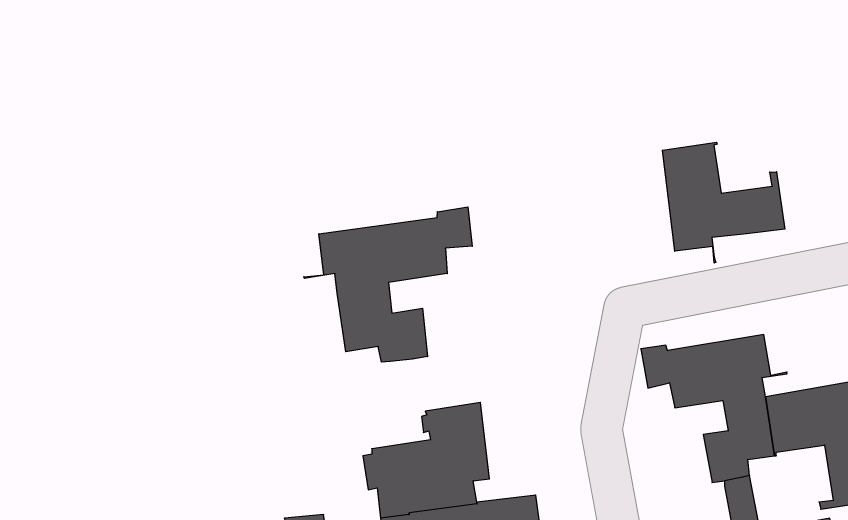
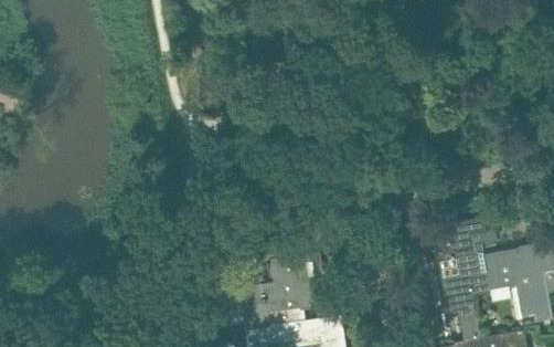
building: [662,142,785,263] -> none
building: [304,207,472,362] -> none

